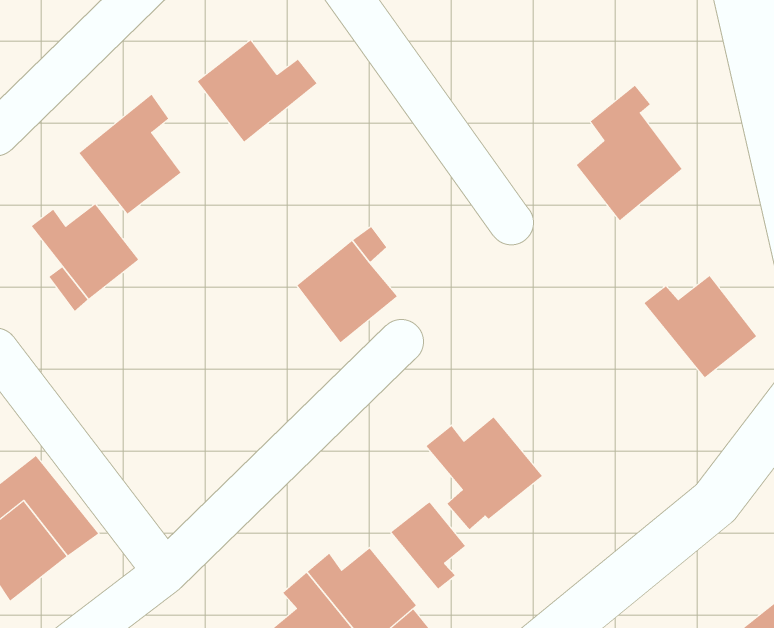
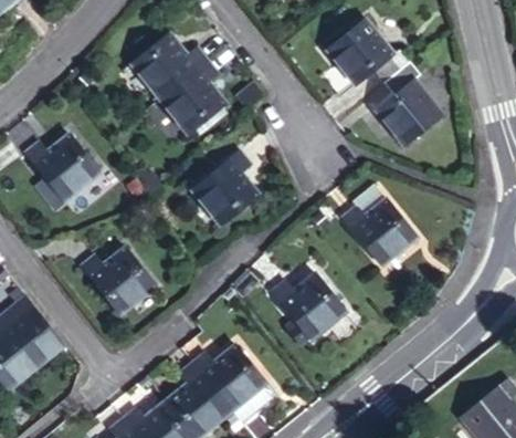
building: none -> [318,17,404,85]
building: [78,94,181,214] -> [157,60,222,136]
building: [643,275,757,378] -> [344,197,415,262]
building: none -> [84,247,152,307]
building: [391,502,466,590] -> none

